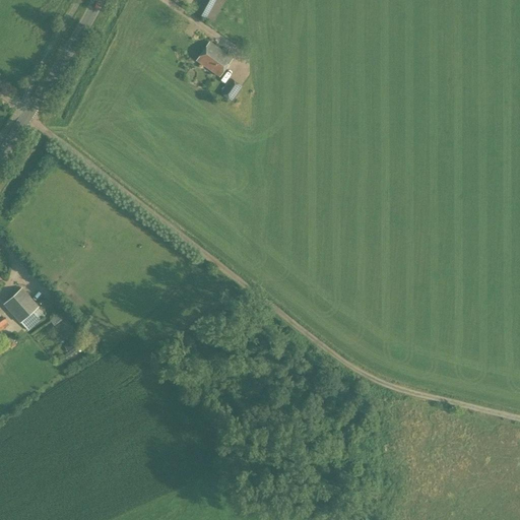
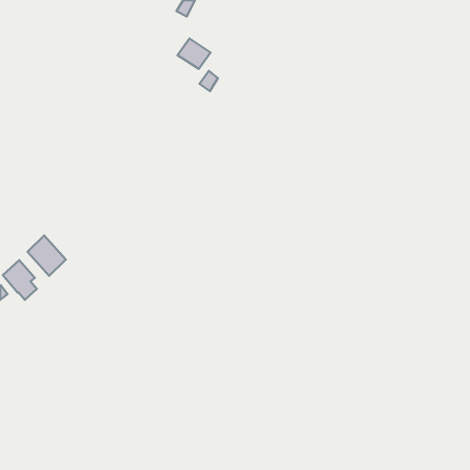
building: none -> [28,235,66,276]

